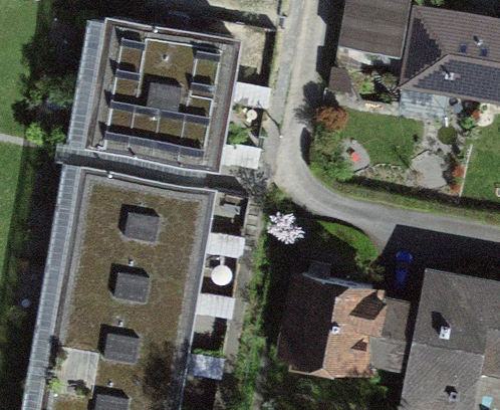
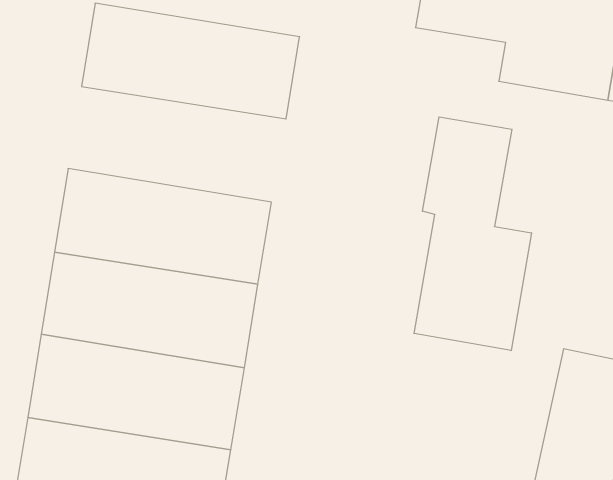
building: [70,82,233,169] -> none
building: none -> [414,117,531,351]
building: [297,282,390,370] -> none

